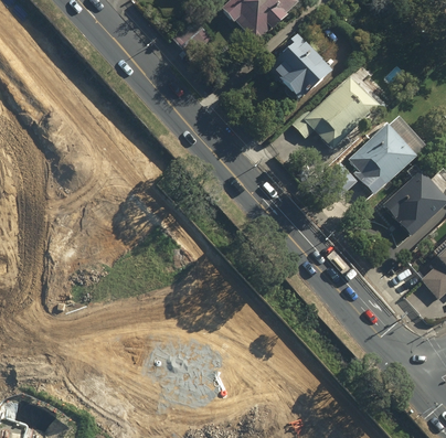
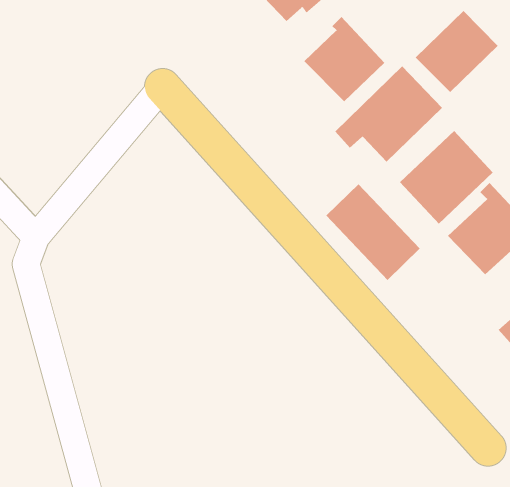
building: none -> [415,10,499,93]
building: none -> [325,183,420,281]

